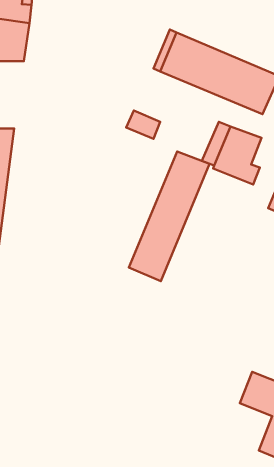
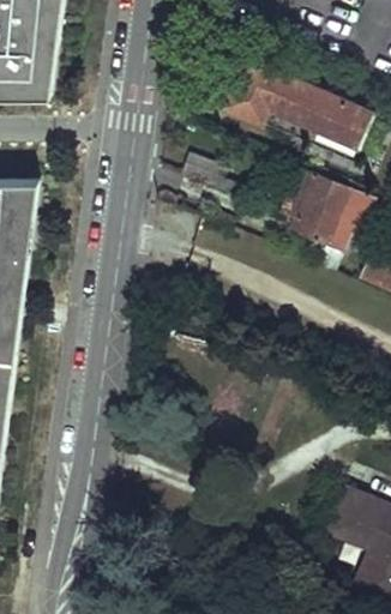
building: [129,151,209,281] -> none

